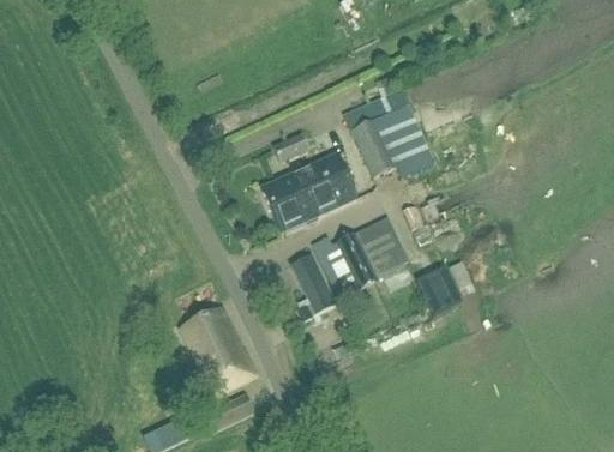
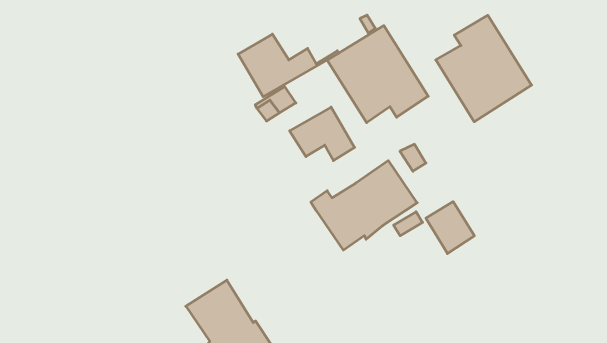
building: none -> [436,15,532,122]
building: [264,174,359,231] -> [238,34,339,97]
building: [290,252,337,321] -> none

